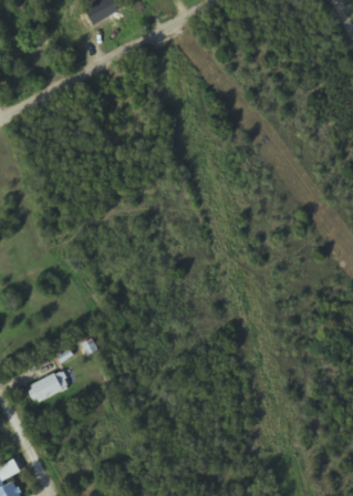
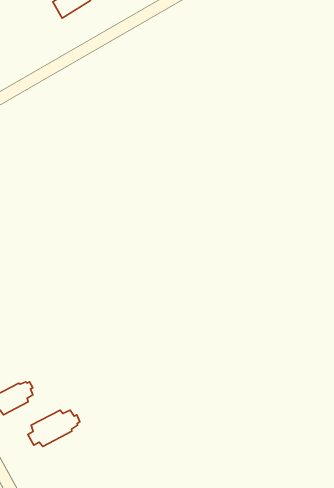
building: none -> [28,410,80,446]

